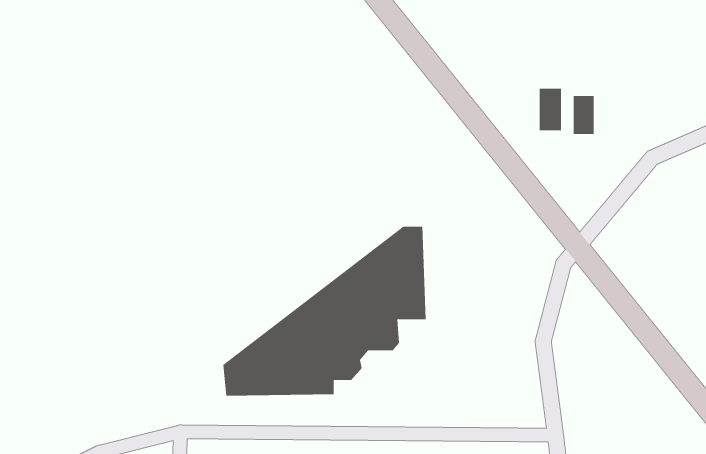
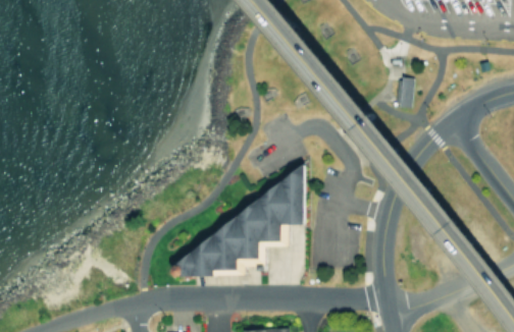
building: [539,88,562,131] -> none

